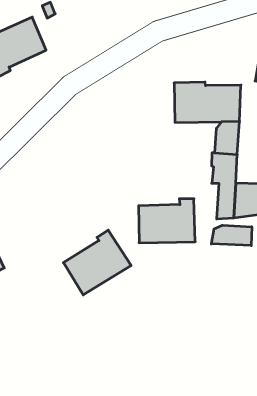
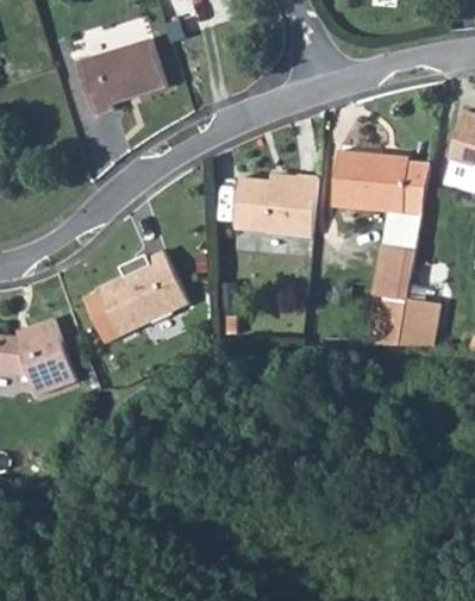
building: [139,199,195,243] -> [233,174,315,236]
building: [211,225,252,246] -> none
building: [63,230,131,295] -> [95,250,188,336]

